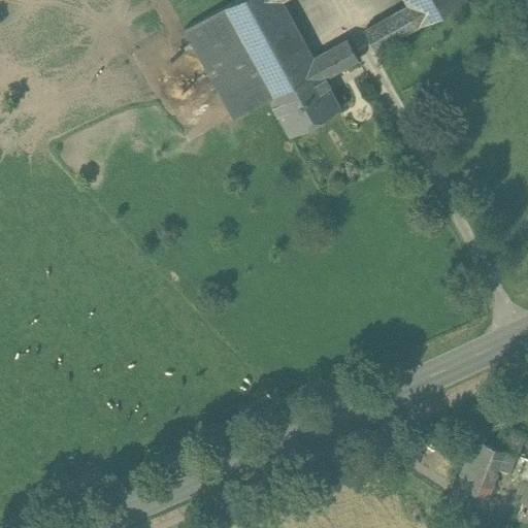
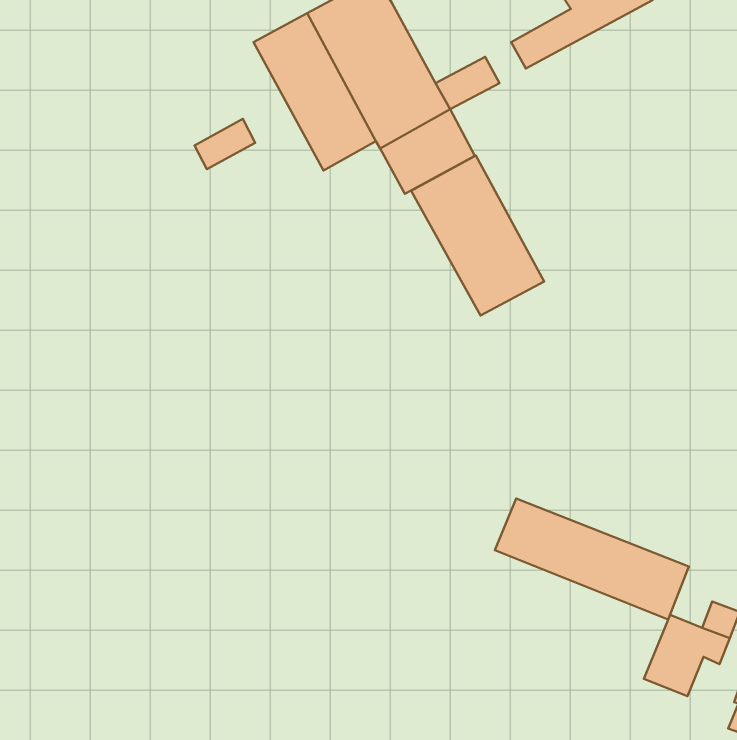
building: none -> [195,119,255,169]
building: none -> [411,155,544,315]
building: none -> [495,499,689,619]

